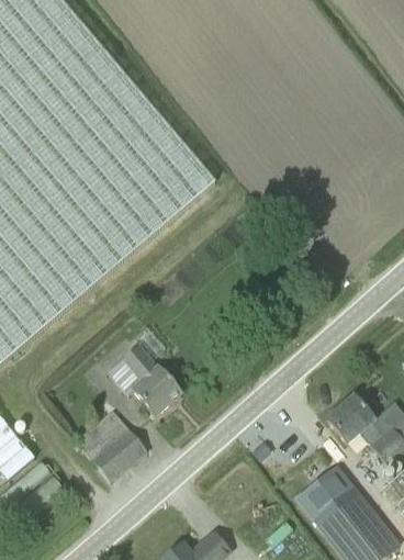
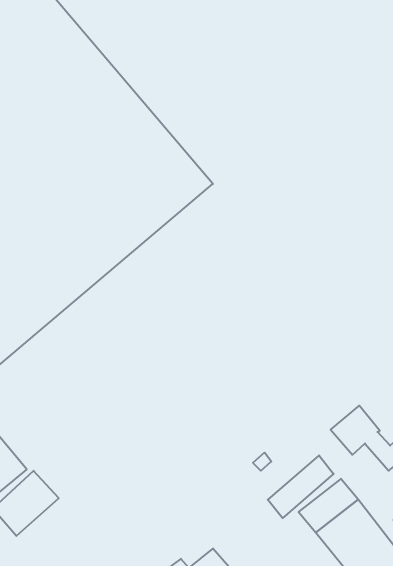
building: [120,344,180,413] -> none
building: [78,411,146,479] -> none
building: none -> [268,455,334,518]

